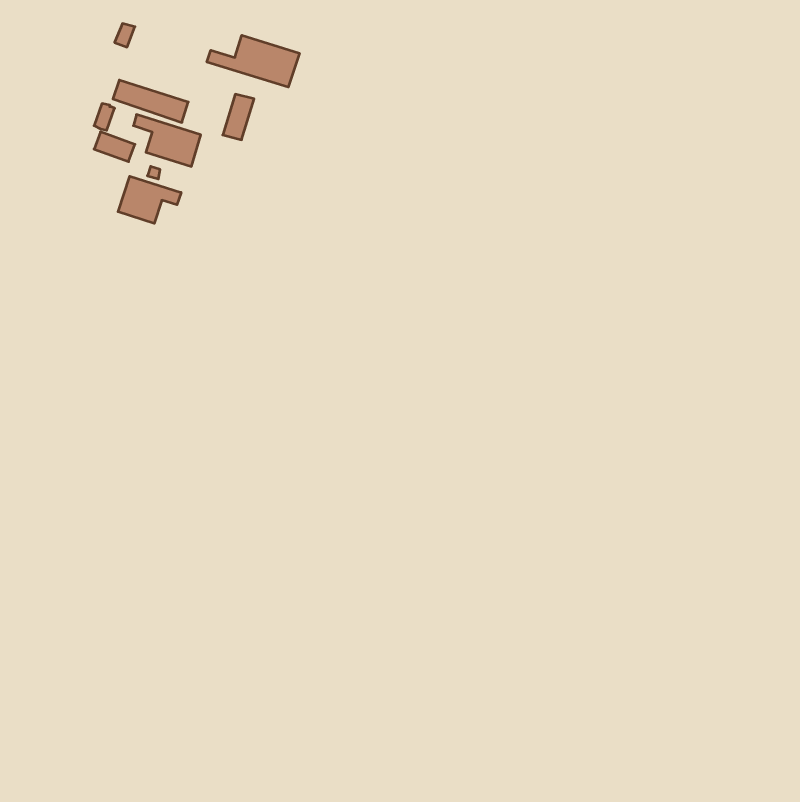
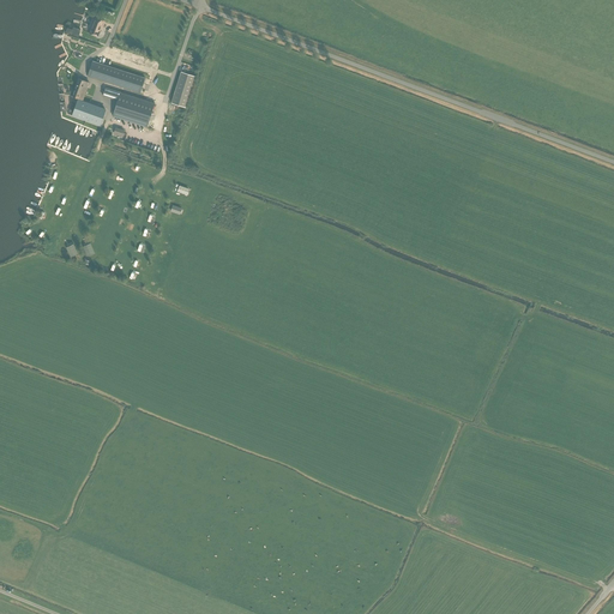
building: [207,35,299,87] -> none
building: [118,176,181,223] -> none

